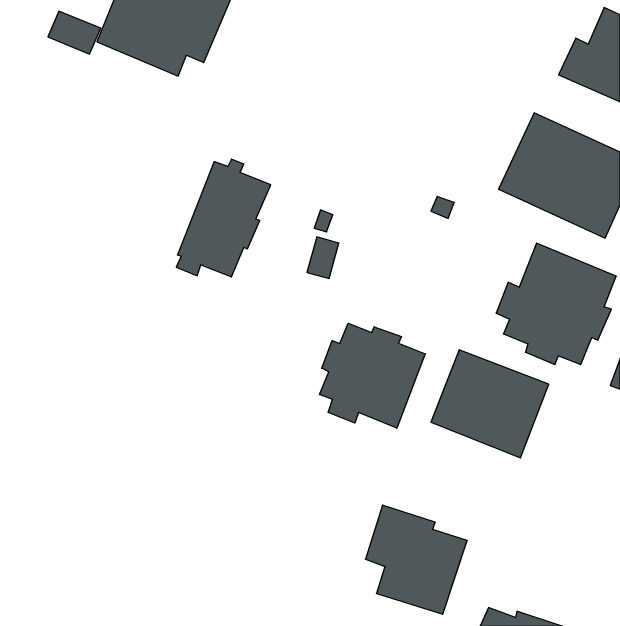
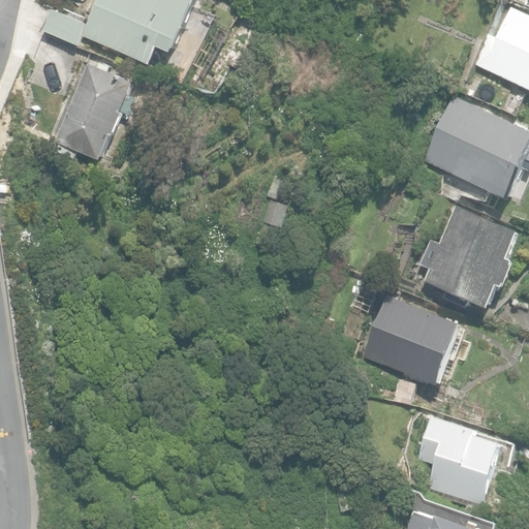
building: [176,159,271,277] -> [54,61,133,160]
building: [320,323,425,428] -> none
building: [365,505,467,614] -> [416,413,502,505]

